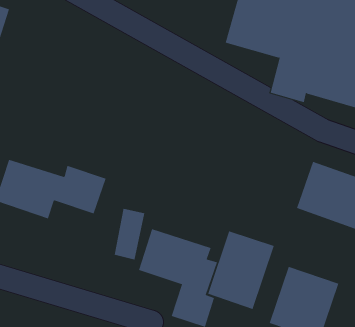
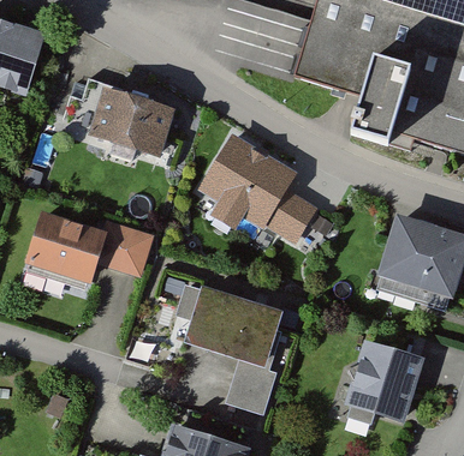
building: none -> [87,89,179,167]
building: none -> [204,136,317,239]
building: [208,231,275,310] -> none

